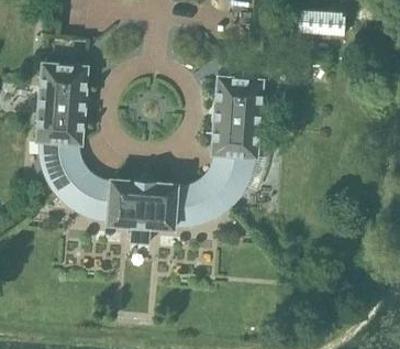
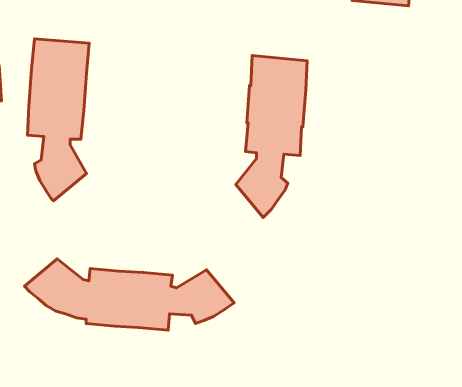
building: [58,172,226,229] -> [24,259,234,330]

